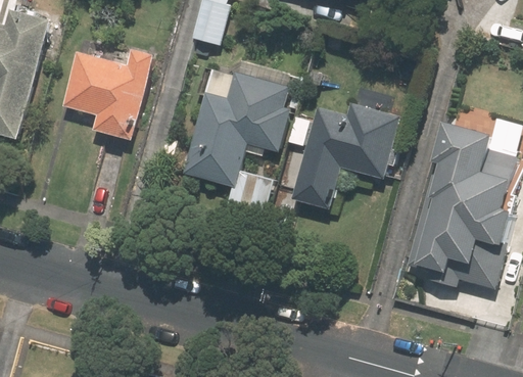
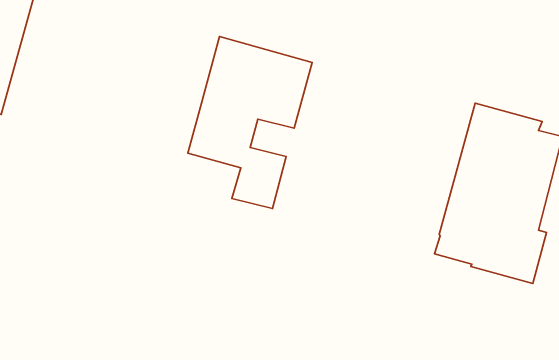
building: [59,50,149,141] -> none
building: [291,105,398,209] -> none

